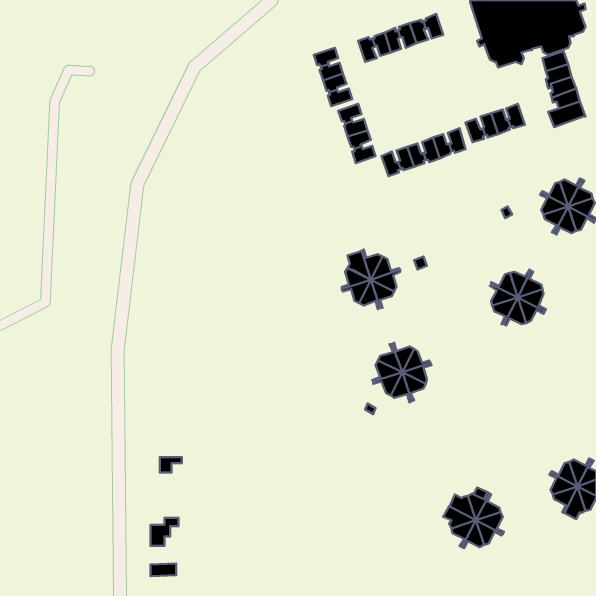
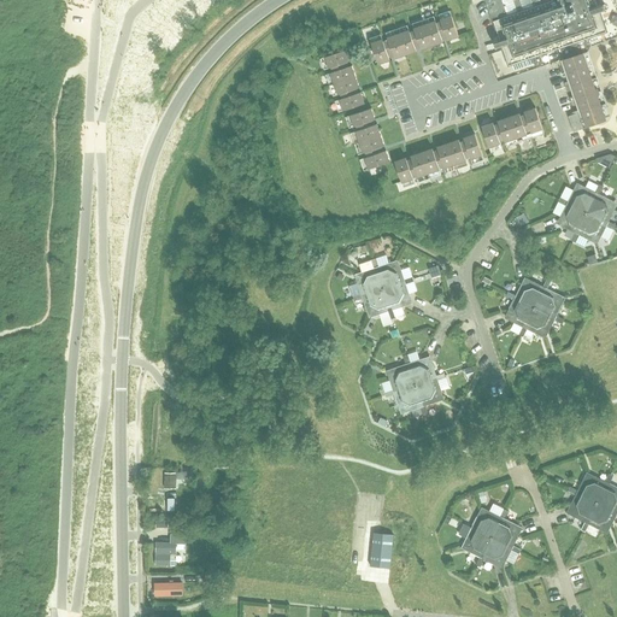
building: none -> [370,533,393,568]

